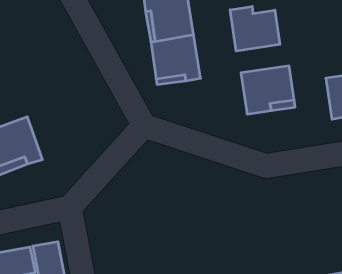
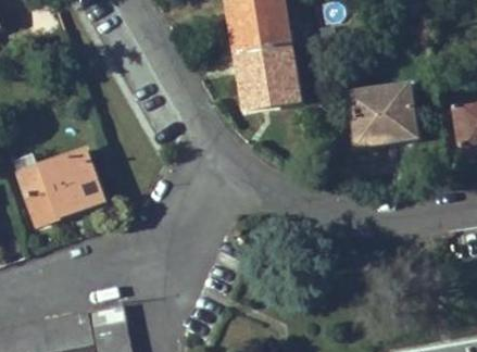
building: [230,6,280,51] -> none

